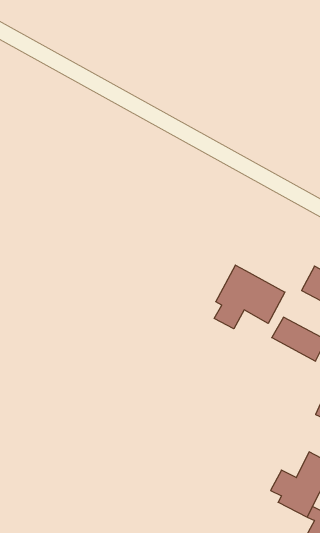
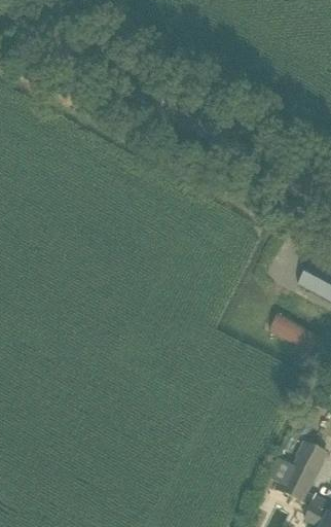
building: [214,265,285,329] -> none

